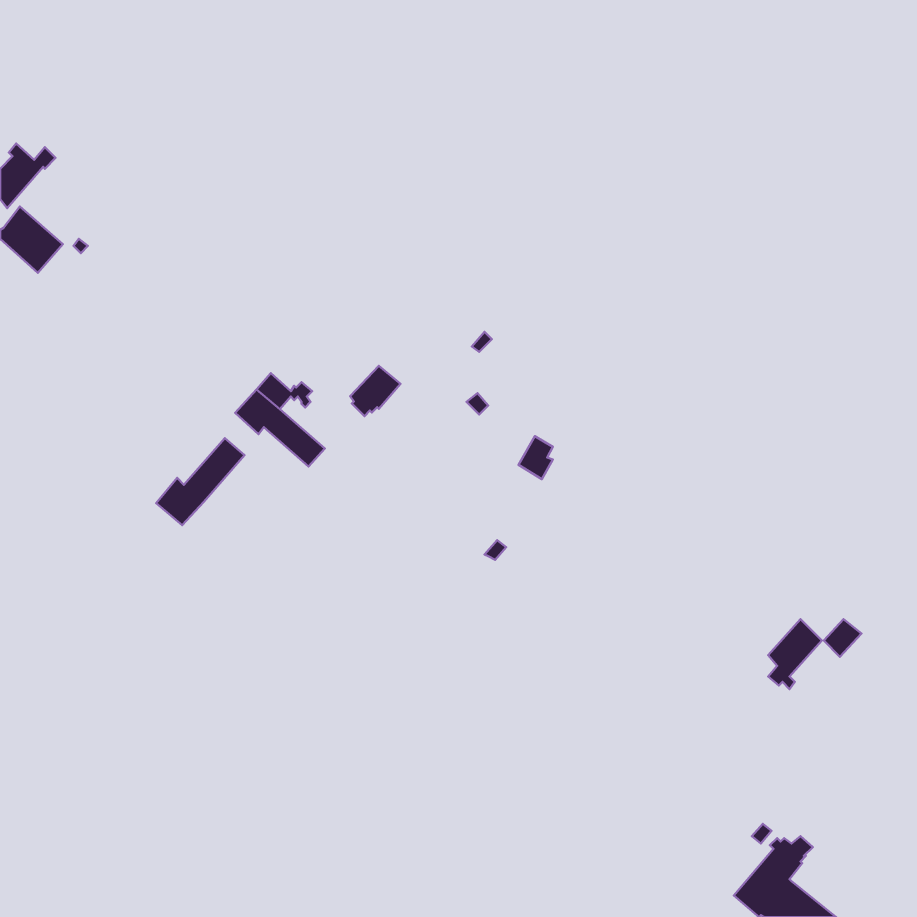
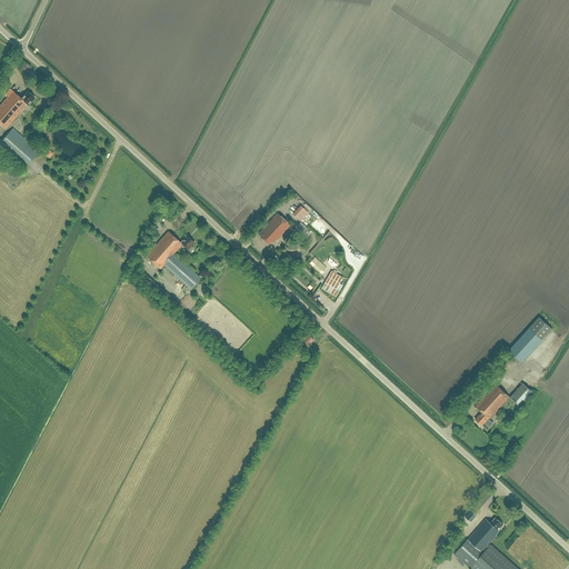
building: [350,366,400,416] -> [259,213,290,244]
building: [156,438,245,525] -> none
building: none -> [509,317,552,362]

